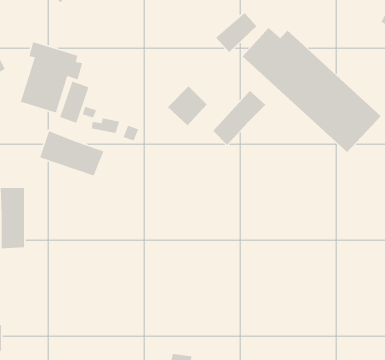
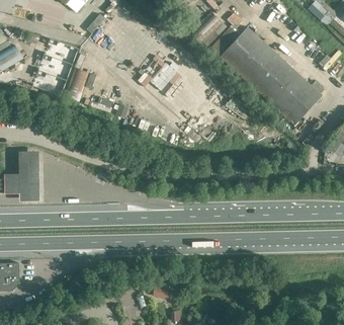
building: [213,90,266,146] -> none
building: [39,130,104,177] -> none

